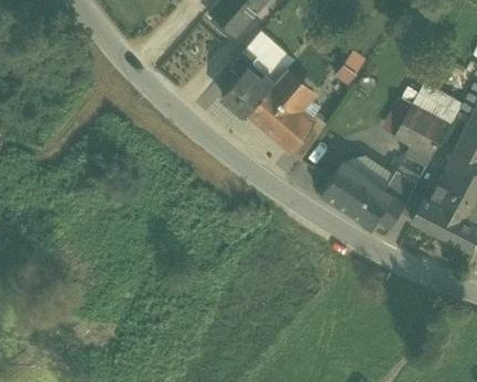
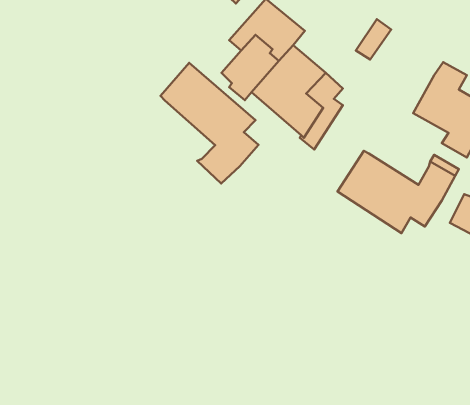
building: none -> [160,63,258,183]
building: [345,154,395,188] -> none

